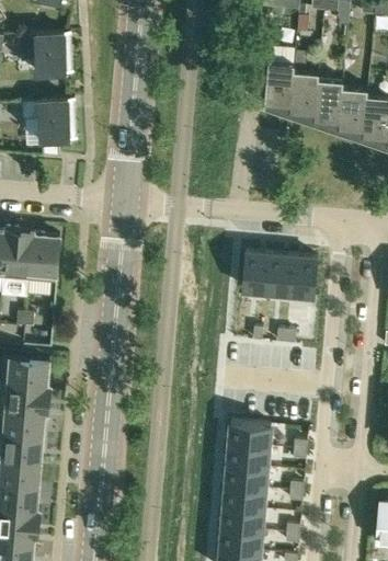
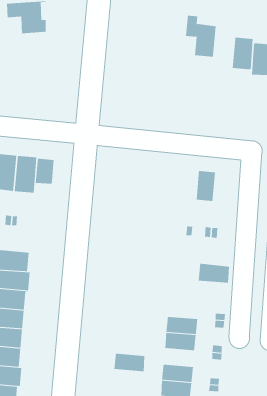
building: [289,67,318,122] -> none
building: [22,101,77,159] -> none
building: none -> [35,158,54,185]
building: [241,253,270,294] -> none
building: [289,257,318,298] -> none
building: [229,423,271,449] -> [198,263,230,283]
building: [224,488,265,512] -> [113,353,145,372]

